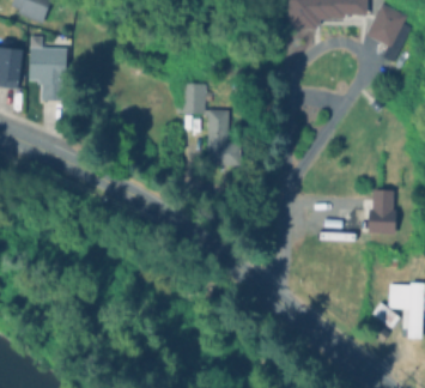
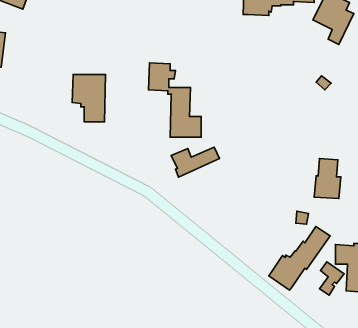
building: [29,48,66,101] -> [72,74,106,122]
building: none -> [171,147,220,177]
building: none -> [269,227,330,290]

